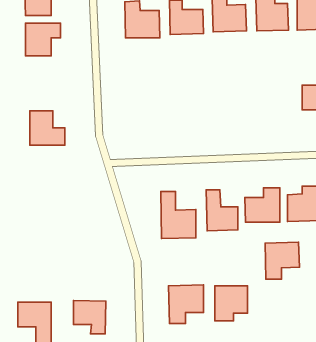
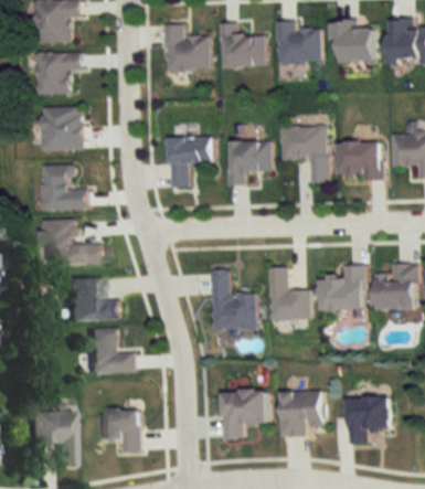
building: none -> [41,107,82,150]
building: none -> [280,126,329,182]
building: none -> [169,137,212,188]
building: none -> [230,140,272,184]
building: none -> [338,141,382,179]
building: none -> [40,219,99,263]
building: none -> [60,277,118,320]
building: none -> [84,329,135,373]
building: [265,242,299,279] -> [347,396,391,444]

